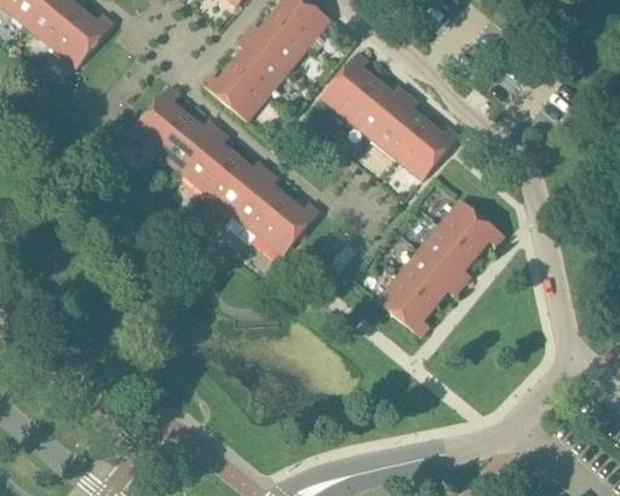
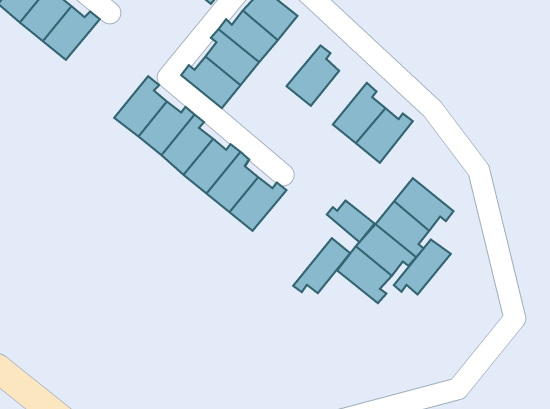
building: [346,80,408,139] -> none
building: none -> [327,201,375,242]
building: none -> [293,238,350,293]
building: none -> [394,240,451,295]

